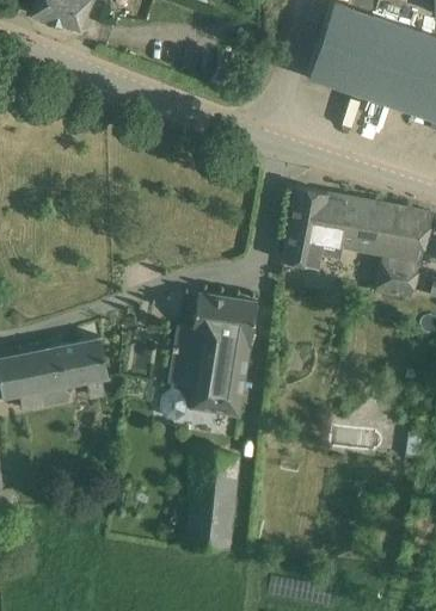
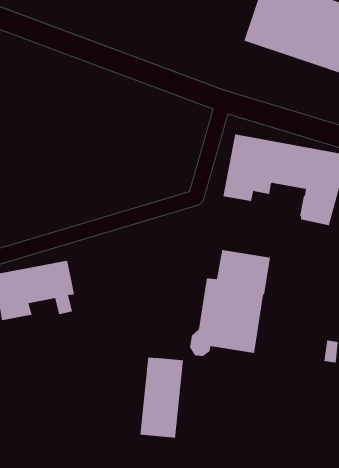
building: [161,294,258,420] -> [189,249,271,357]

